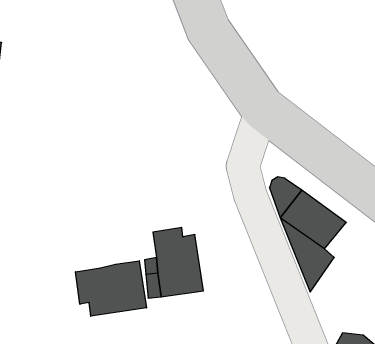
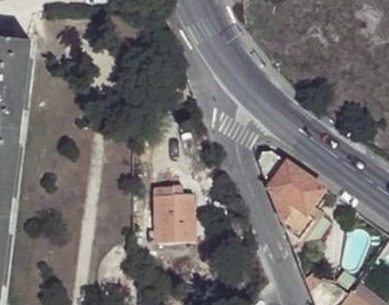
building: [76,261,146,316] -> none

